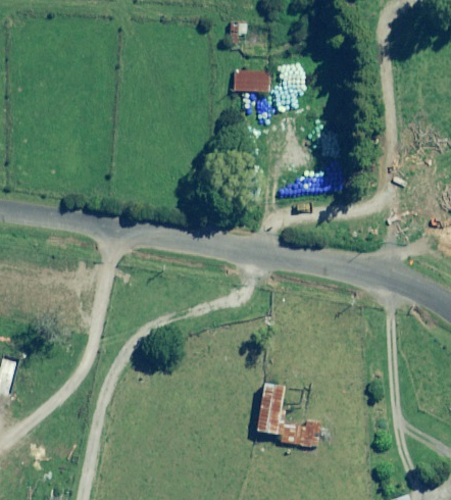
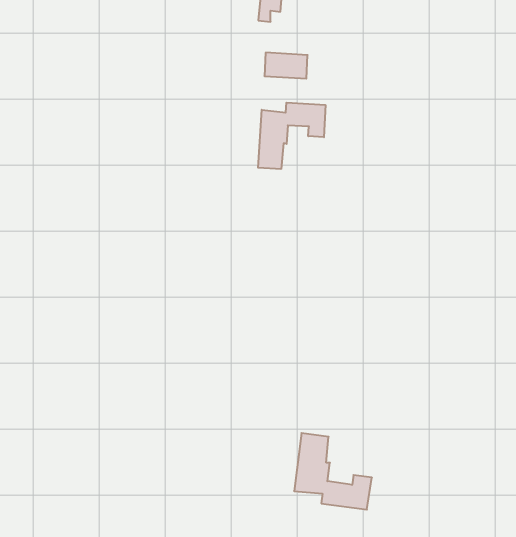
building: none -> [258,103,325,169]

